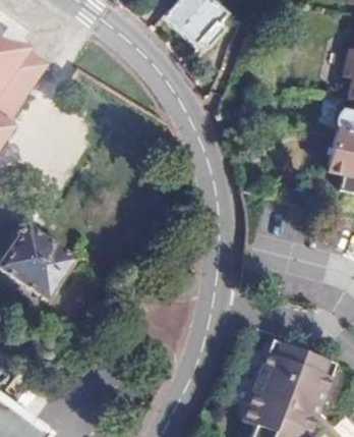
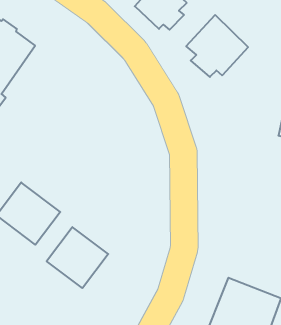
building: none -> [186,15,248,77]
building: none -> [47,227,108,288]

